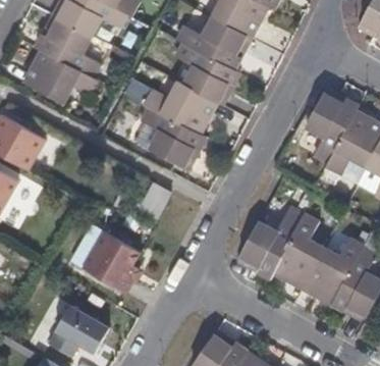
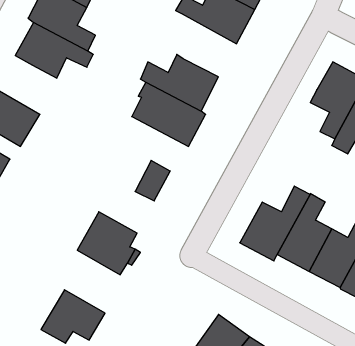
building: [174,42,239,106] -> none

